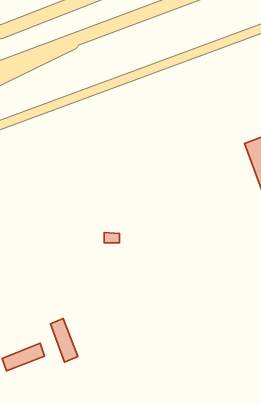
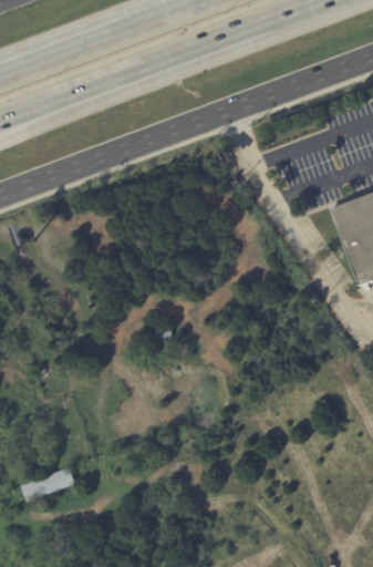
building: [51,319,78,362] -> none

